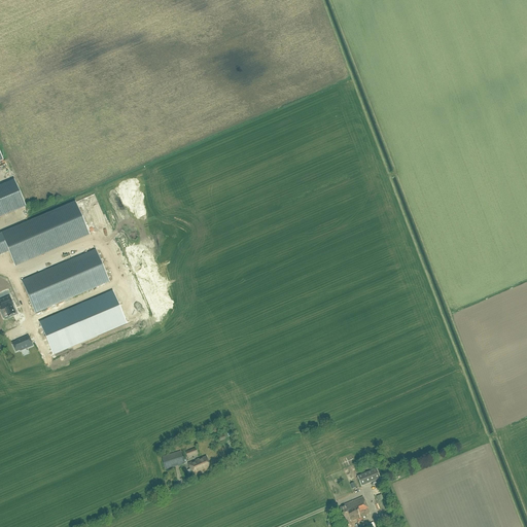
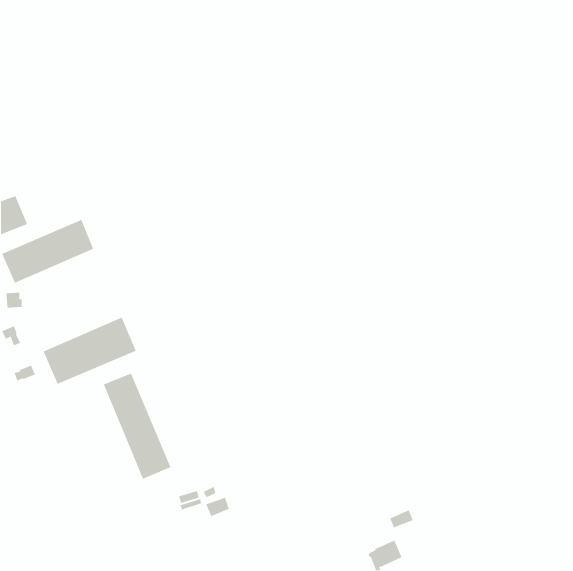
building: [23,249,108,311] -> none
building: none -> [103,373,172,480]

